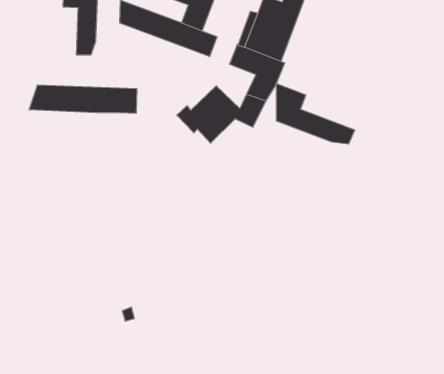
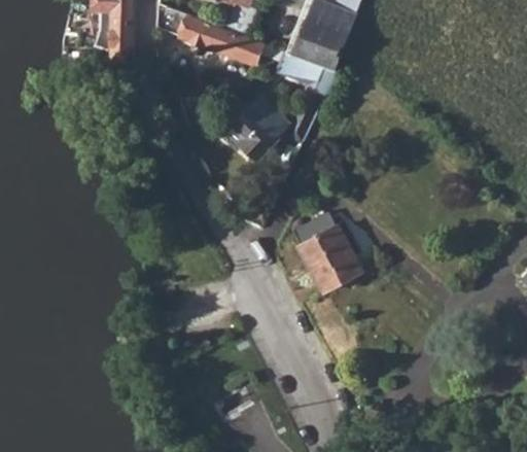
building: [277,84,355,144] -> none
building: [29,85,137,113] -> none
building: none -> [291,212,360,291]

